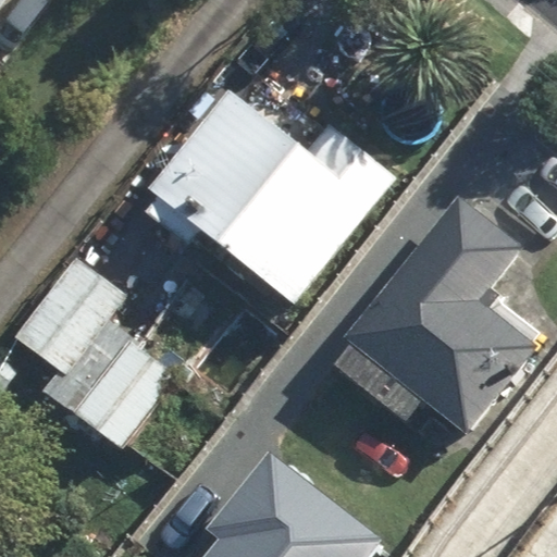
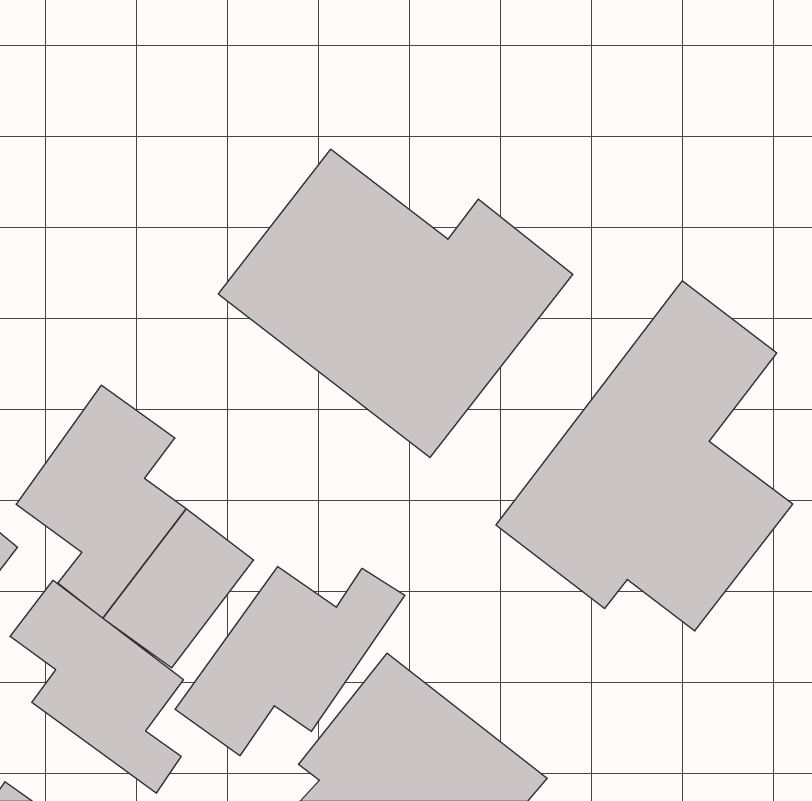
building: none -> [175,566,405,756]
building: none -> [10,580,183,793]

